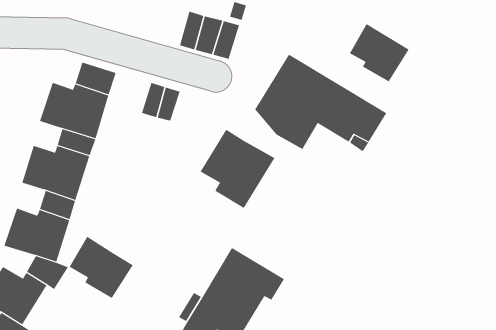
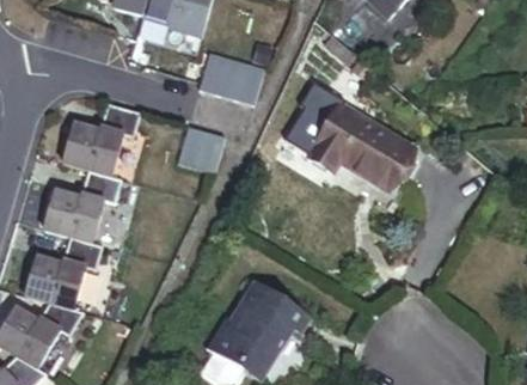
building: [349,23,409,82] -> none
building: [200,129,275,209] -> none
building: [69,236,134,299] -> none

